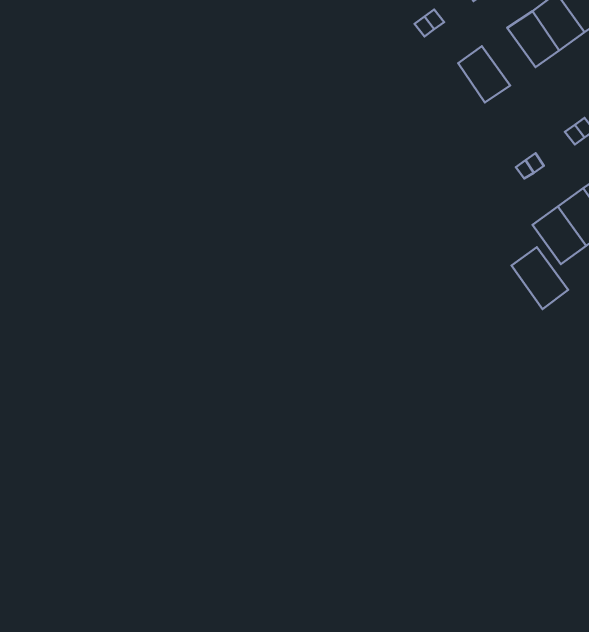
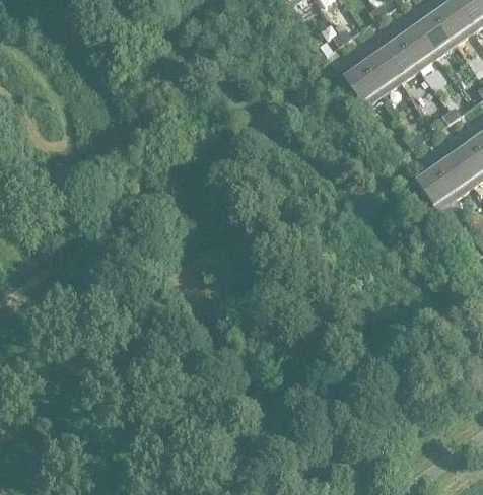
building: none -> [381,34,419,76]
building: none -> [344,60,383,101]
building: [511,247,568,309] -> none

